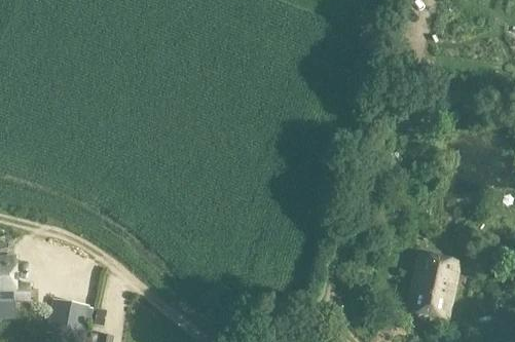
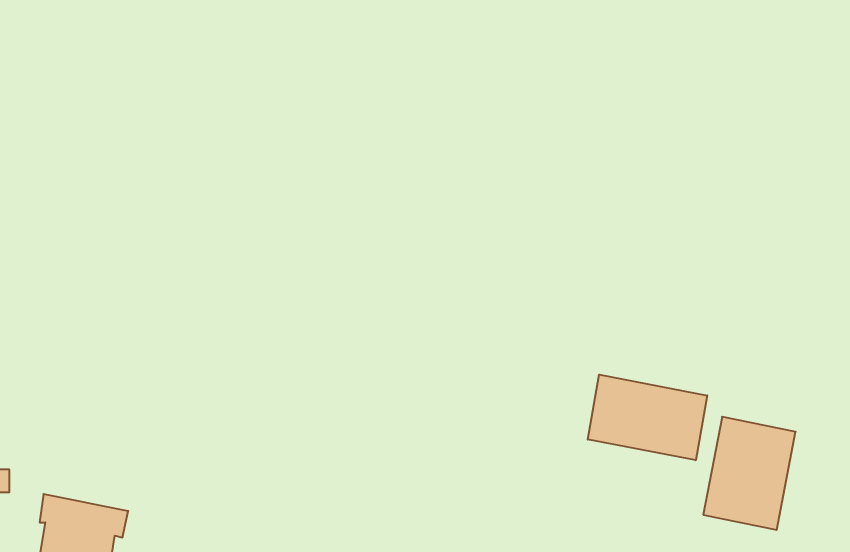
building: none -> [588,375,707,460]

